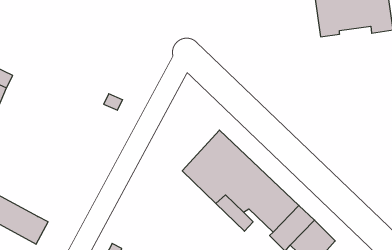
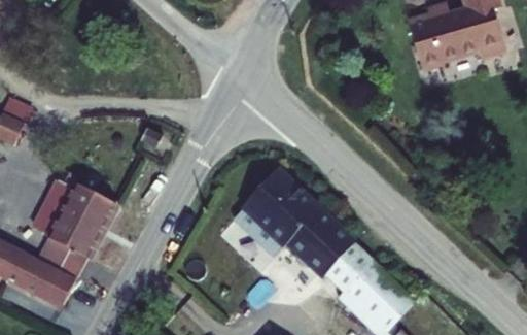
building: none -> [36,176,115,280]

